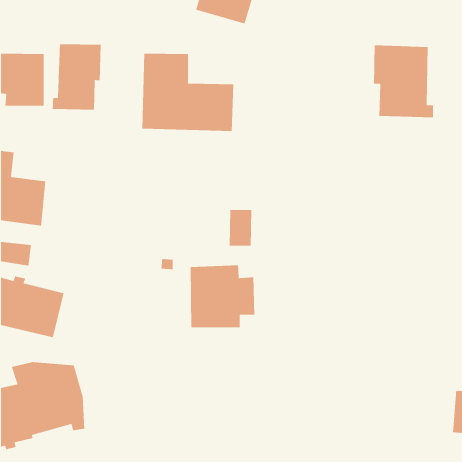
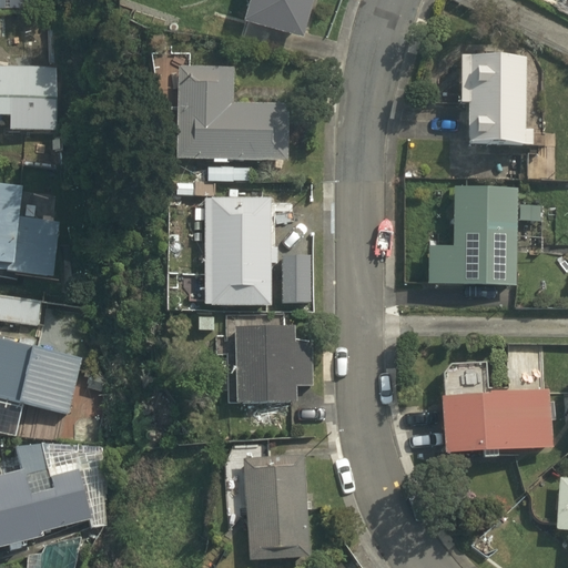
building: [52,43,102,110] -> none
building: none -> [426,185,541,285]
building: none -> [203,196,277,305]
building: none -> [437,388,552,454]
building: none -> [242,454,310,559]

